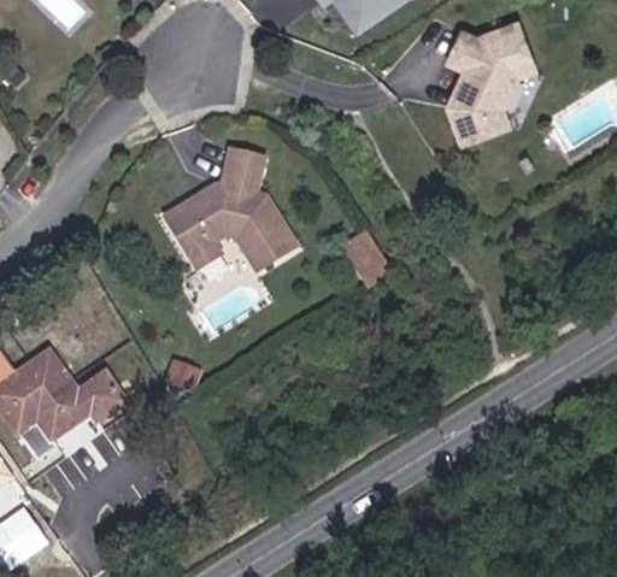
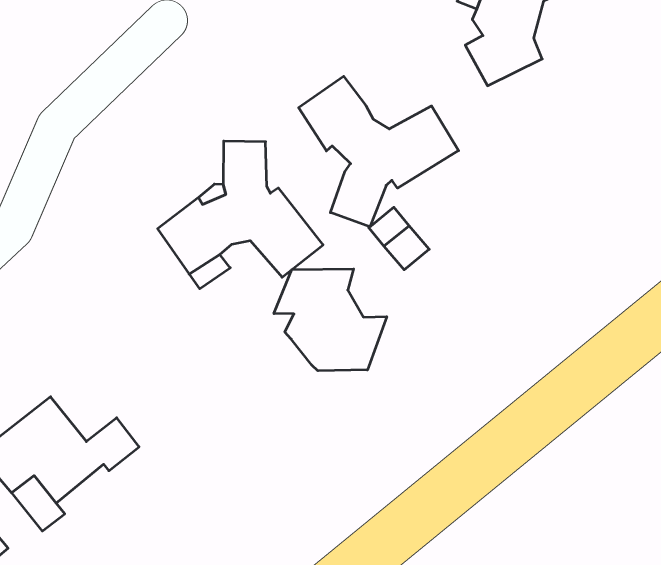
building: none -> [299,76,459,227]
building: none -> [274,269,387,371]

